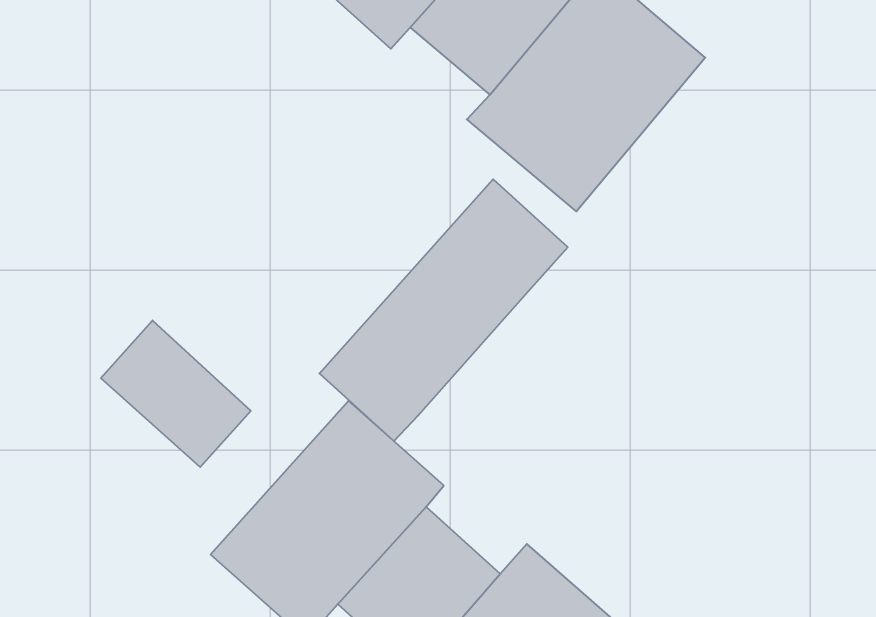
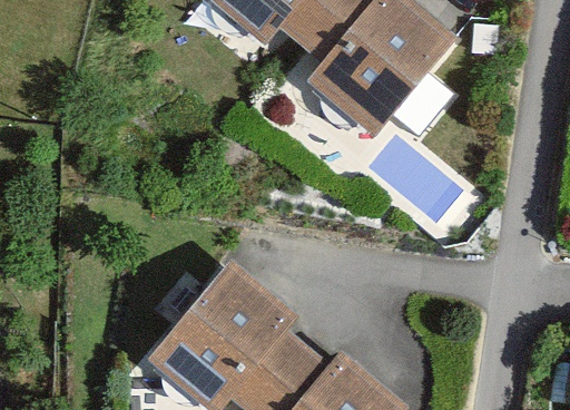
building: [319,179,568,441] -> none
building: [101,320,251,467] -> none

